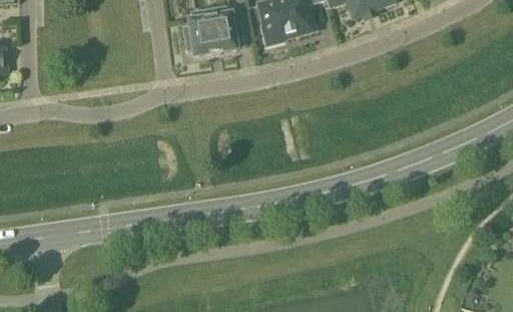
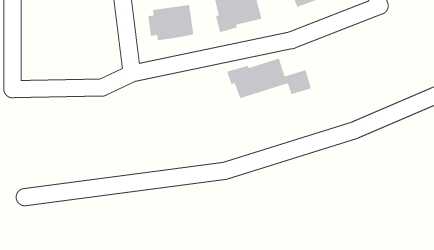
building: none -> [226,57,312,99]

